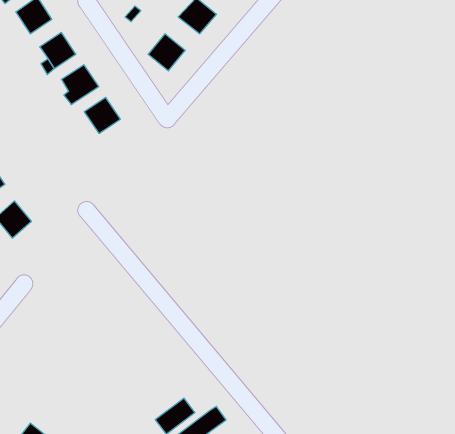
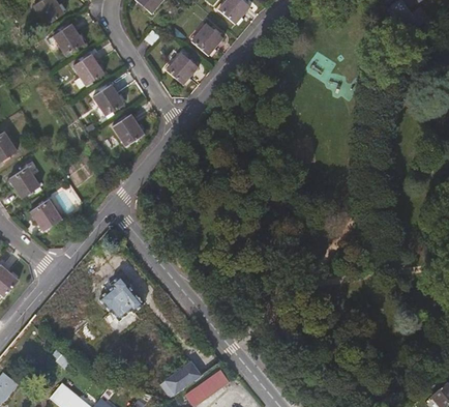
building: none -> [99,277,144,322]

